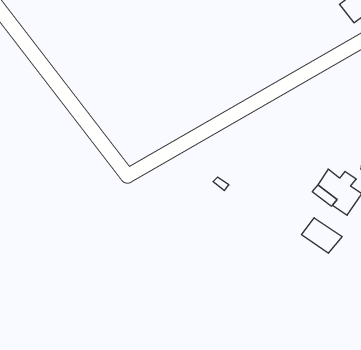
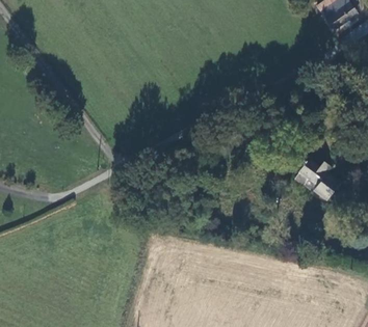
building: [302,218,342,253] -> none

